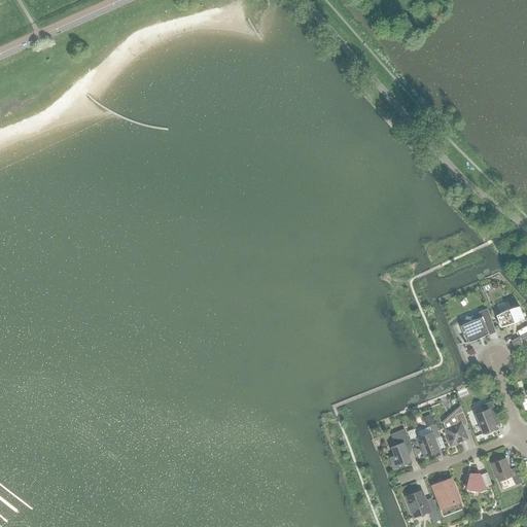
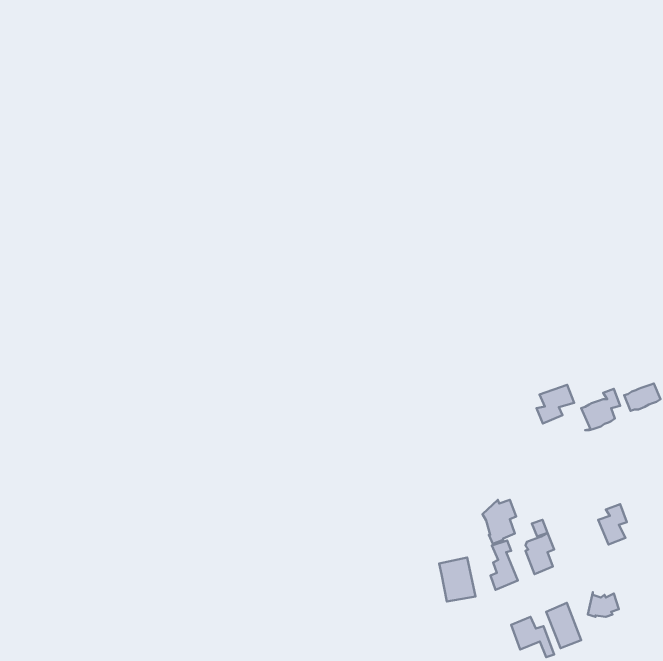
building: none -> [537,385,574,423]
building: [442,411,468,446] -> [482,500,516,544]
building: none -> [439,557,476,602]
building: [491,457,522,484] -> none

